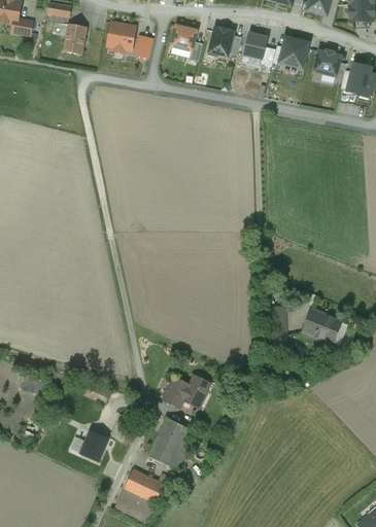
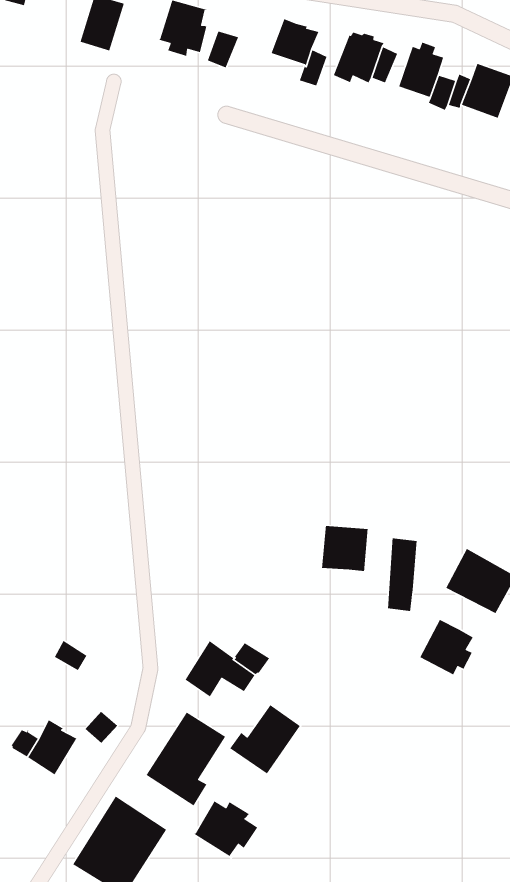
building: none -> [321,525,369,572]
building: none -> [419,619,474,676]
building: none -> [229,704,301,774]
building: none -> [193,799,258,858]

